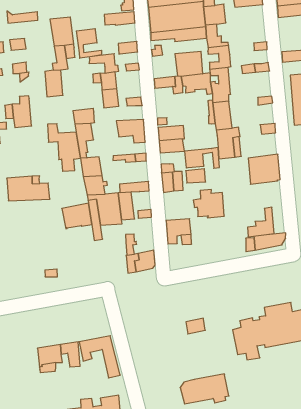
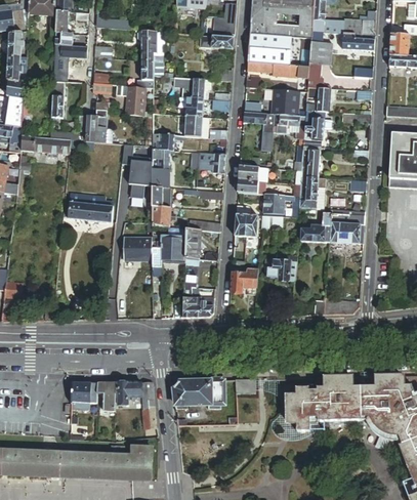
building: [76,29,102,58] -> none
building: [248,207,274,237] -> [301,213,332,242]
building: [180,374,229,404] -> [173,379,224,409]

